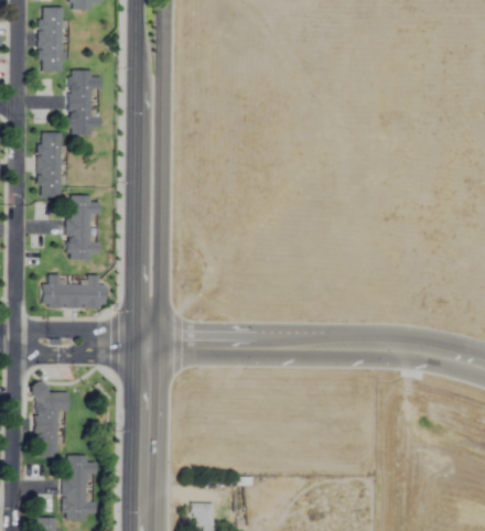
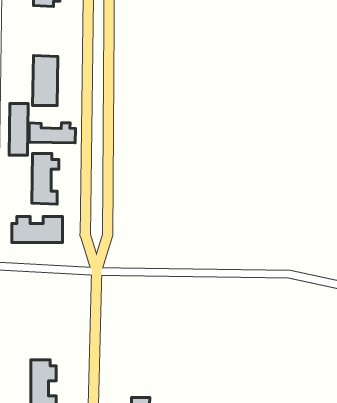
building: [40,8,63,72] -> none
building: none -> [29,123,76,143]
building: [35,382,69,455] -> none

